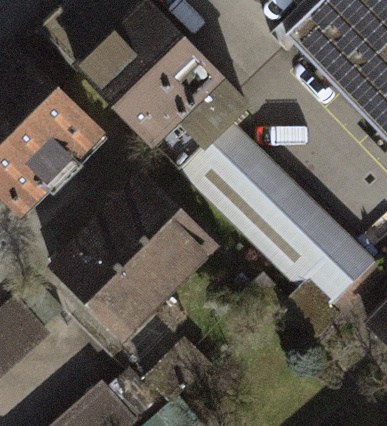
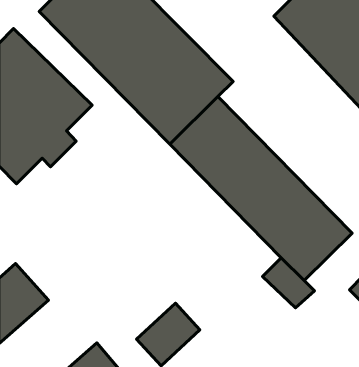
building: [56,178,211,334] -> none

